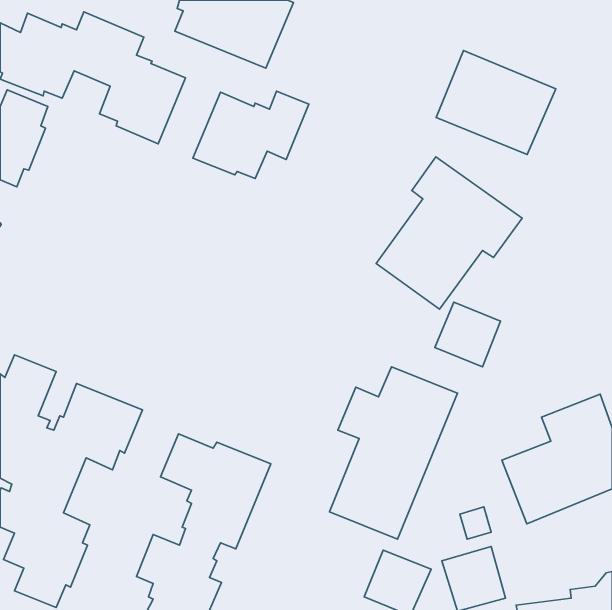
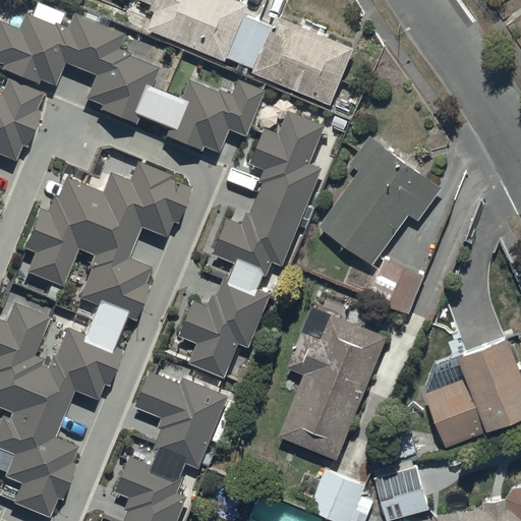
building: [436,50,556,155] -> [253,15,355,104]
building: none -> [214,110,327,276]
building: none -> [21,162,189,321]
building: none -> [180,276,272,377]

